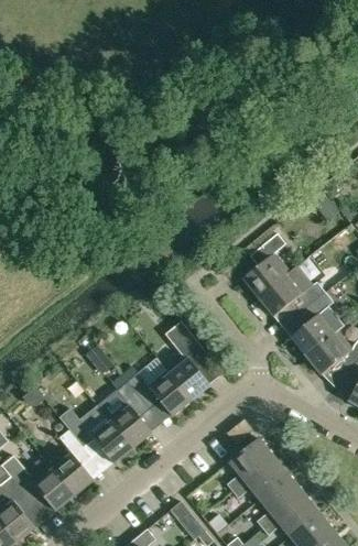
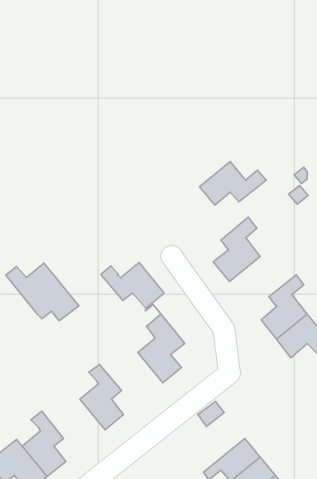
building: [259,273,326,317] -> [200,162,266,205]
building: [128,370,192,416] -> [101,263,164,308]
building: [59,405,133,463] -> [6,263,79,321]
building: [227,438,274,491] -> none

